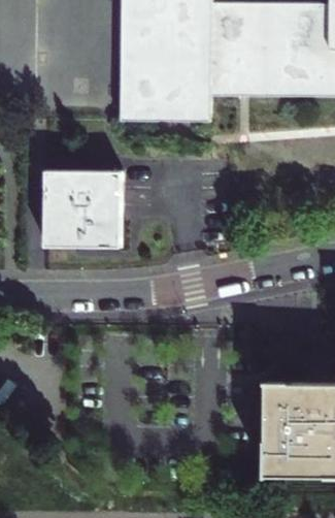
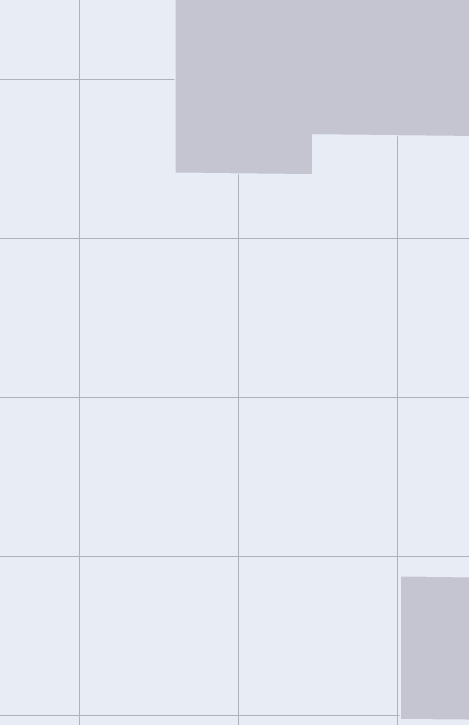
building: [45,170,121,247] -> none

